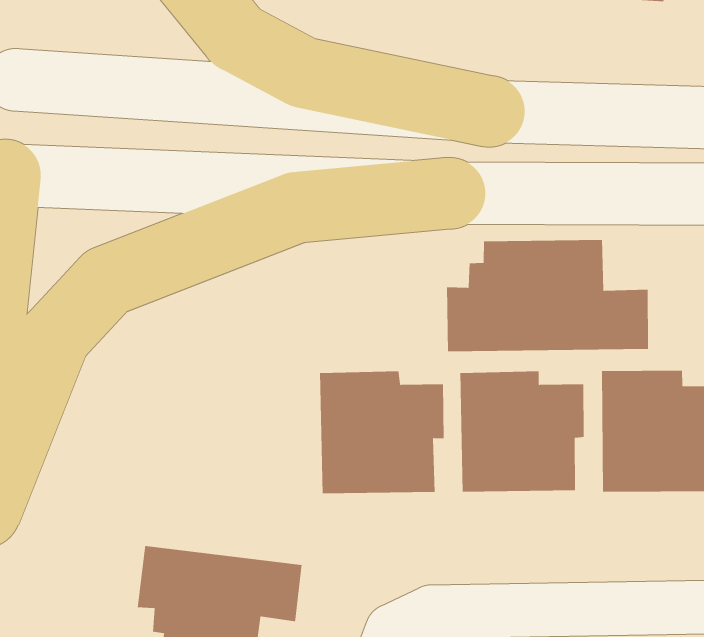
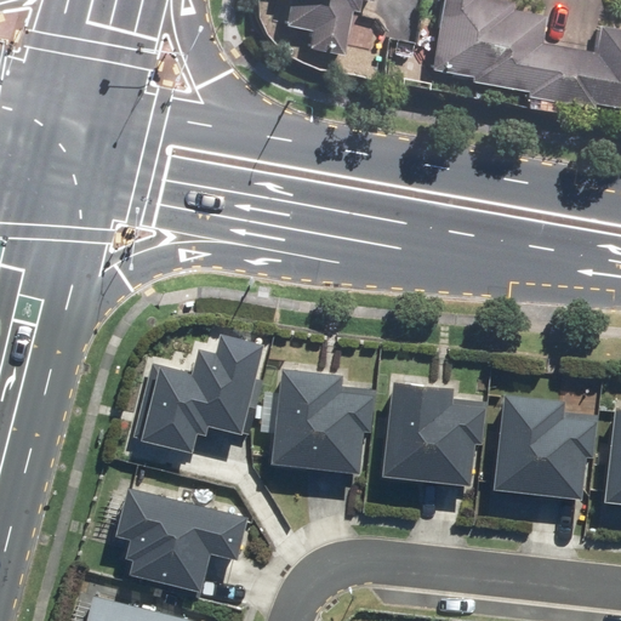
building: [446,239,649,352] -> none
building: none -> [135,335,267,455]

